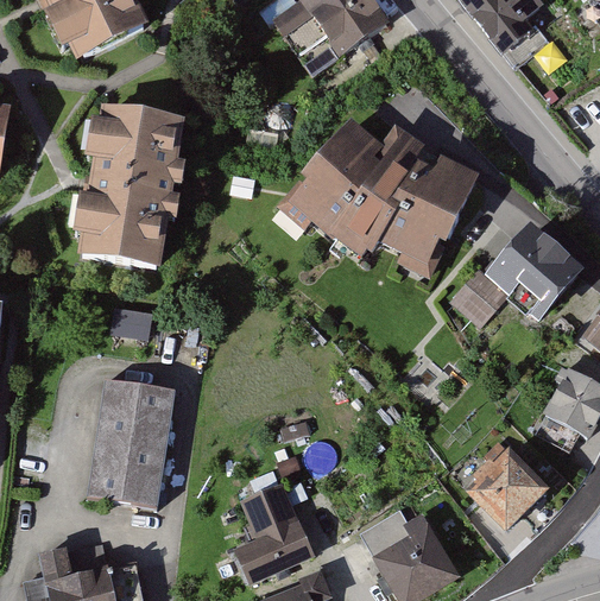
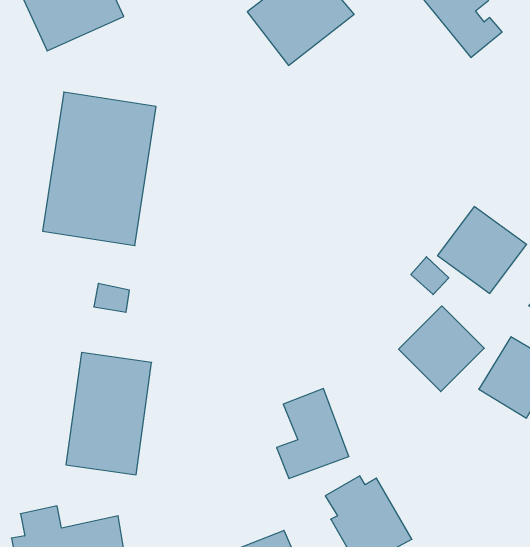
building: [282,118,475,279] -> none
building: [457,444,549,536] -> [399,306,484,392]
building: [233,485,310,581] -> [277,389,349,479]

